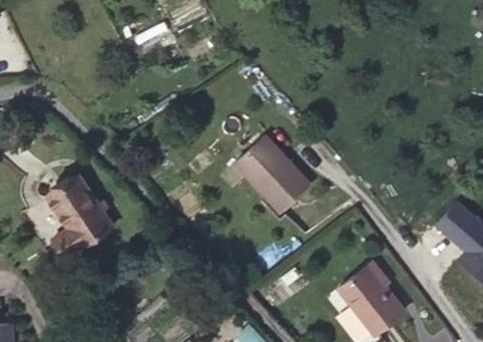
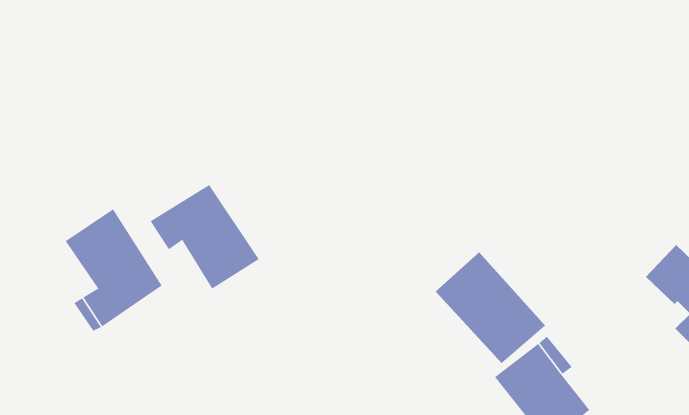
building: [234,137,310,214] -> [435,251,546,364]
building: none -> [150,184,259,289]

